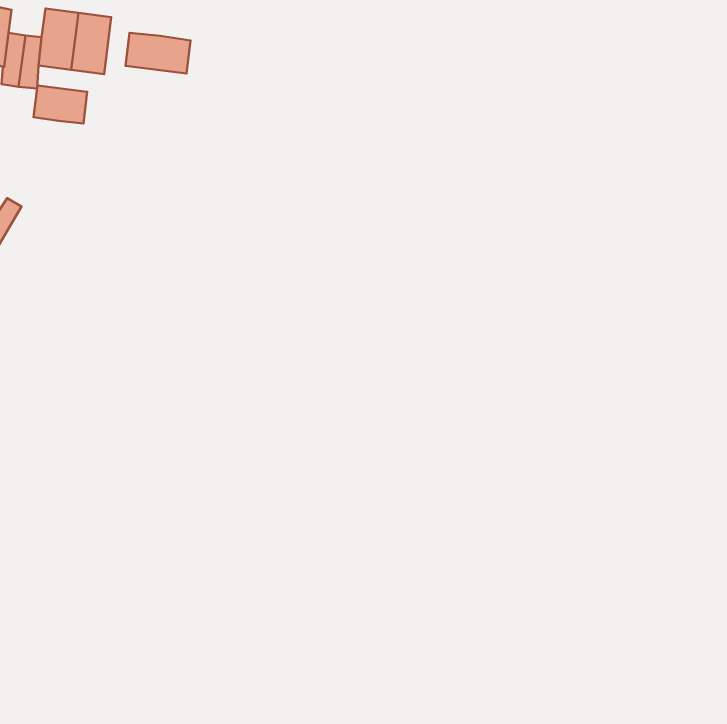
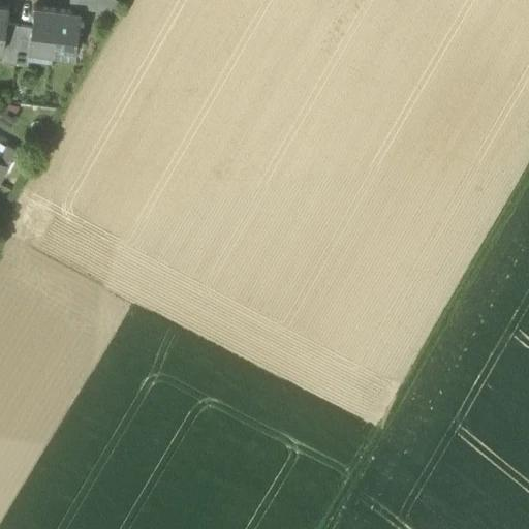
building: [125,33,190,73] -> none
building: [34,86,87,123] -> none

